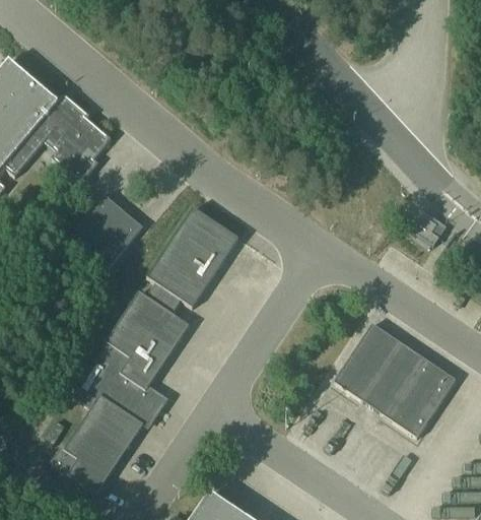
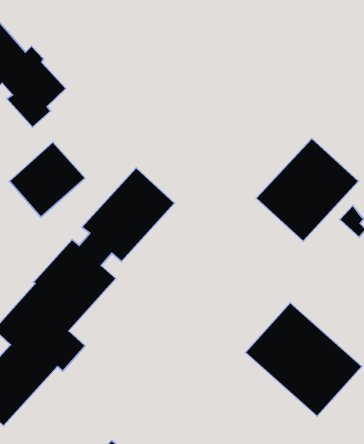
building: none -> [256,138,359,241]

